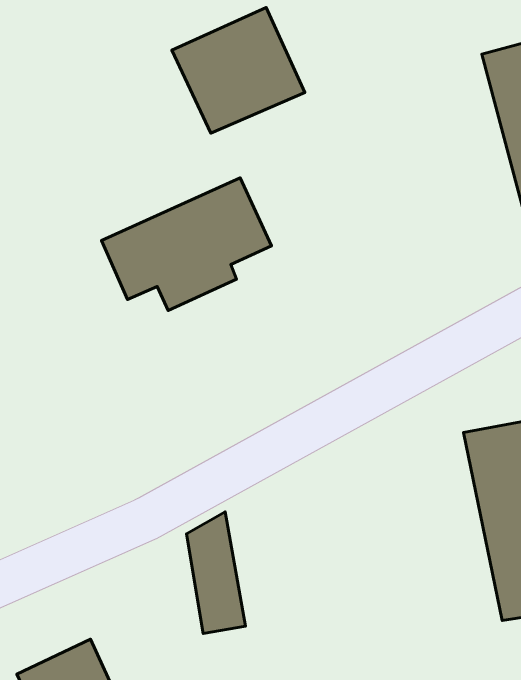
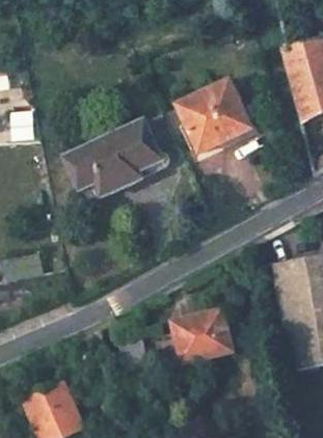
building: [172,8,305,133] -> [177,80,251,150]
building: none -> [172,318,231,362]

